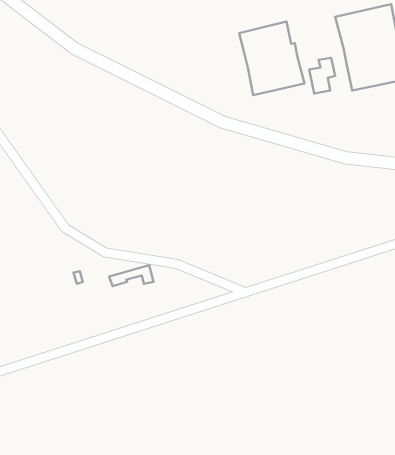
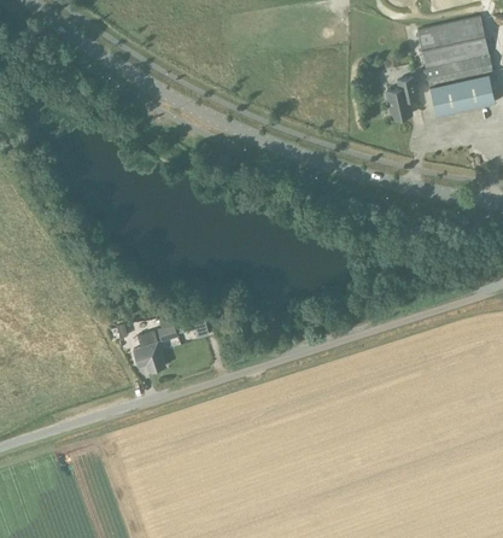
building: [239,22,305,95] -> none
building: none -> [133,329,164,370]

